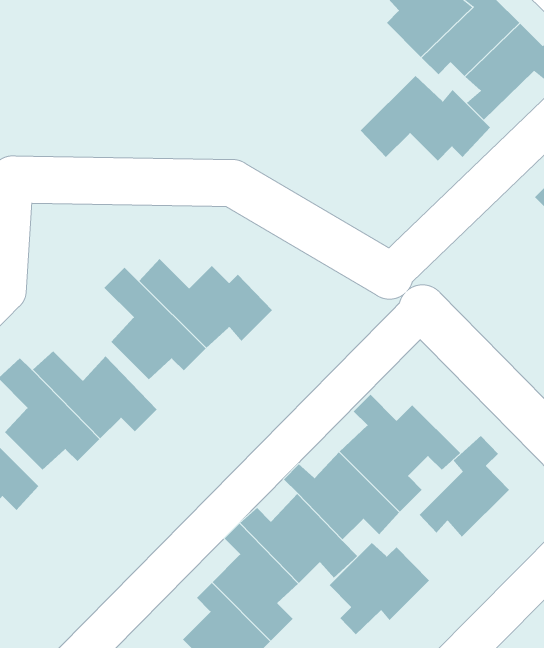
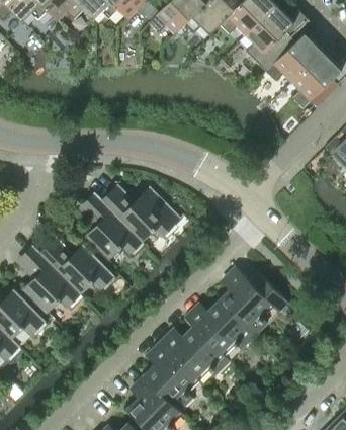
building: [360,75,491,161] -> none
building: [419,435,510,538] -> none
building: [329,542,430,635] -> none

